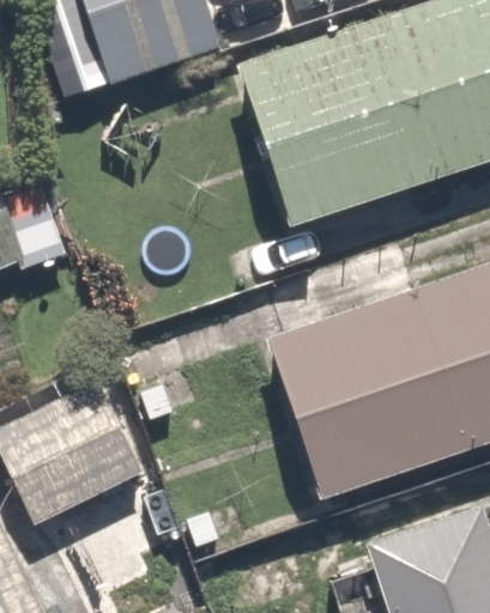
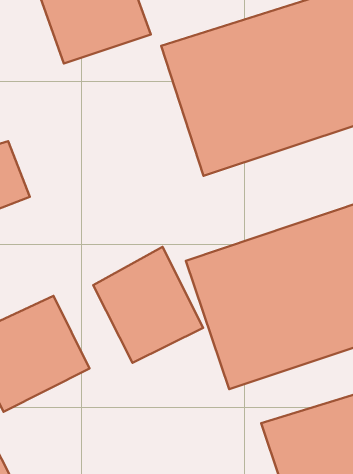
building: none -> [93,247,203,363]

